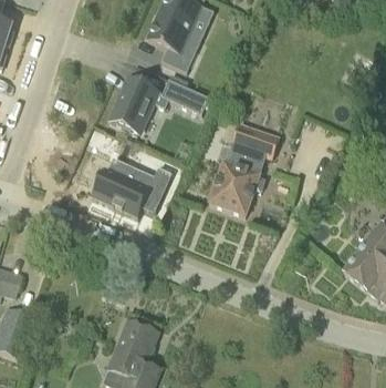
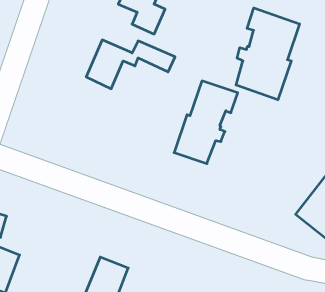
building: none -> [236,8,300,100]
building: [93,159,174,217] -> none

